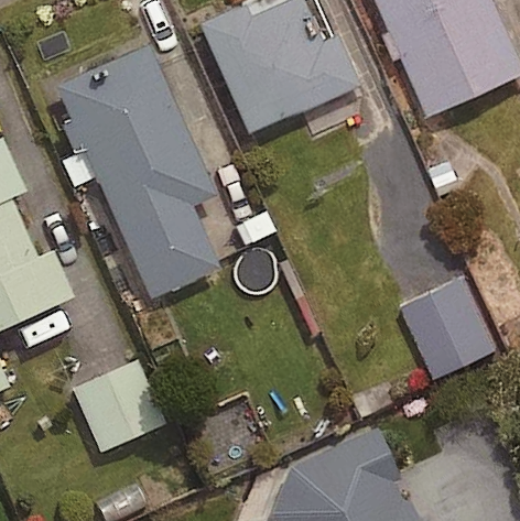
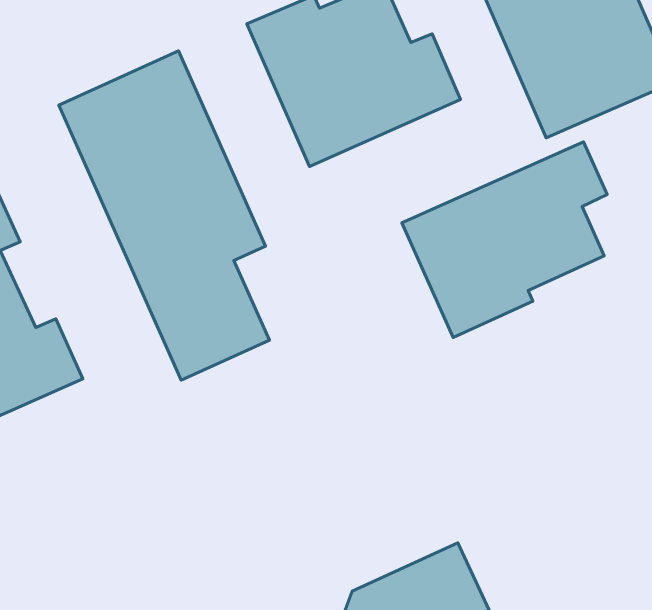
building: none -> [402,142,607,337]
building: [401,272,494,370] -> none
building: [68,357,160,449] -> none

